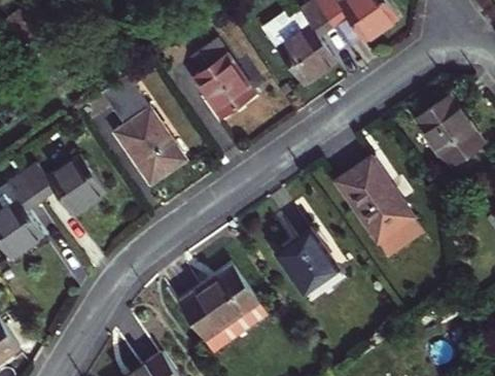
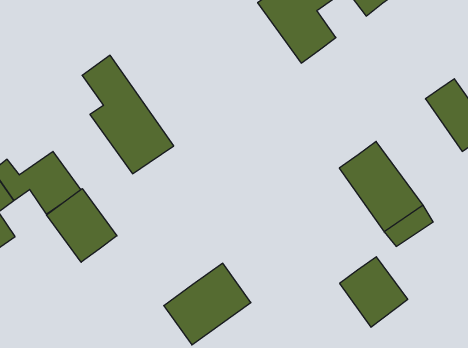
building: [186,41,252,121] -> none
building: none -> [47,189,117,262]
building: [277,229,340,294] -> [340,257,408,327]

